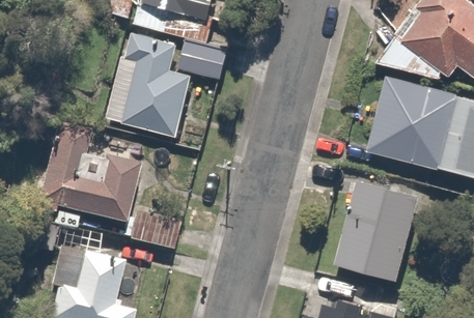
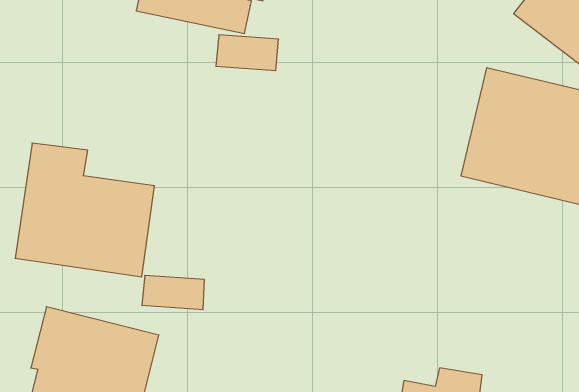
building: [105,37,198,136] -> none
building: [346,182,421,281] -> none

